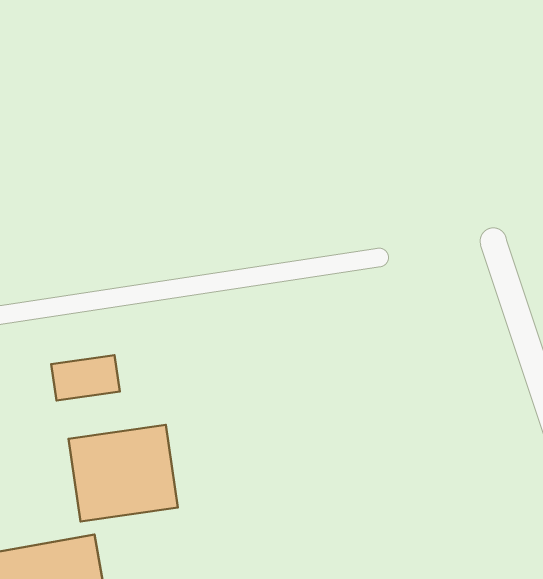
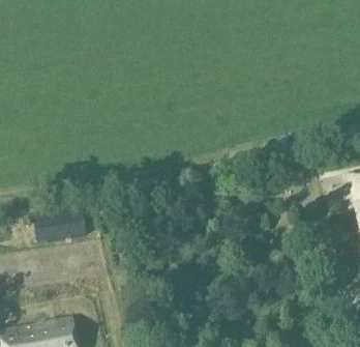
building: [68,425,178,521] -> none

